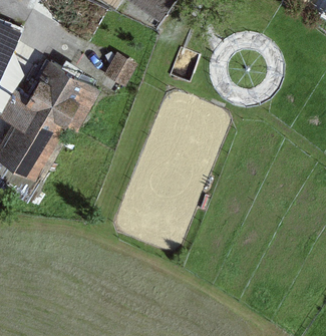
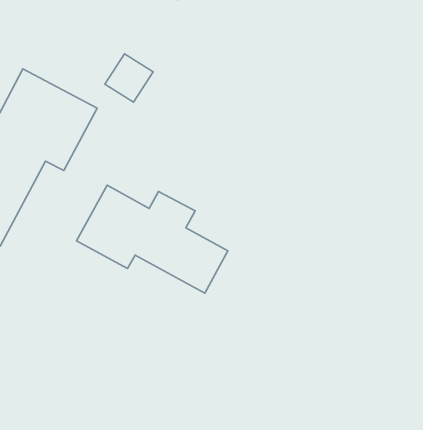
building: none -> [77,185,228,293]

